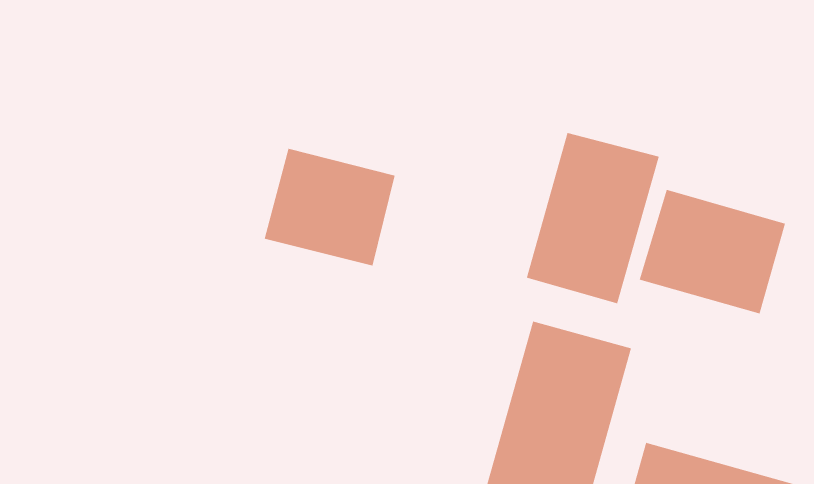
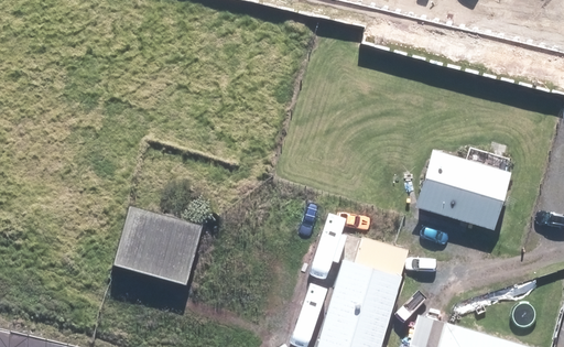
building: [526,132,659,304] -> none
building: [264,148,395,266] -> [115,209,199,285]

